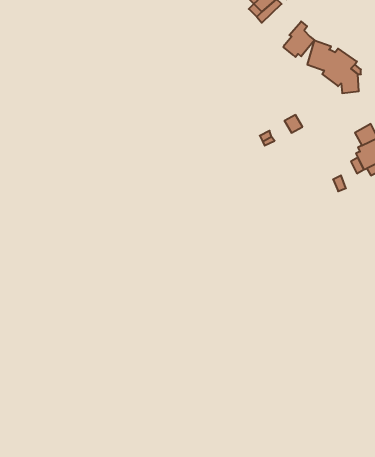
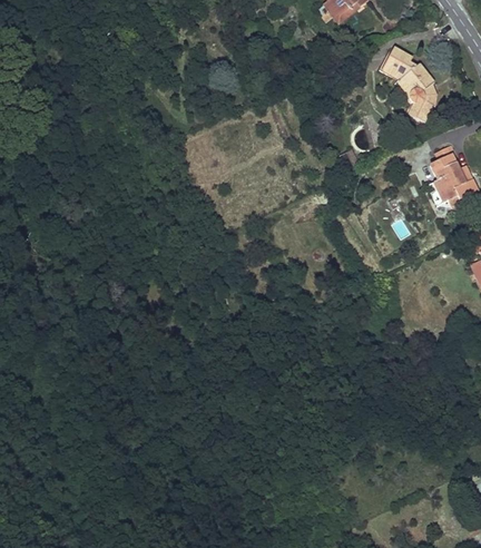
building: [283,21,315,57] -> none

